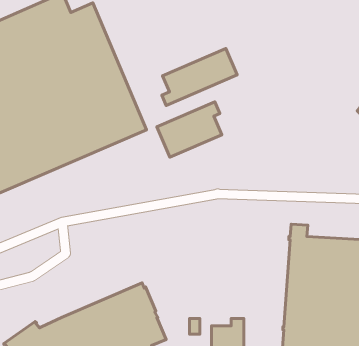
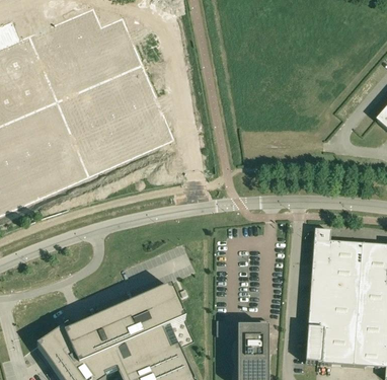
building: [162,48,237,105] -> none
building: [157,102,222,157] -> none

